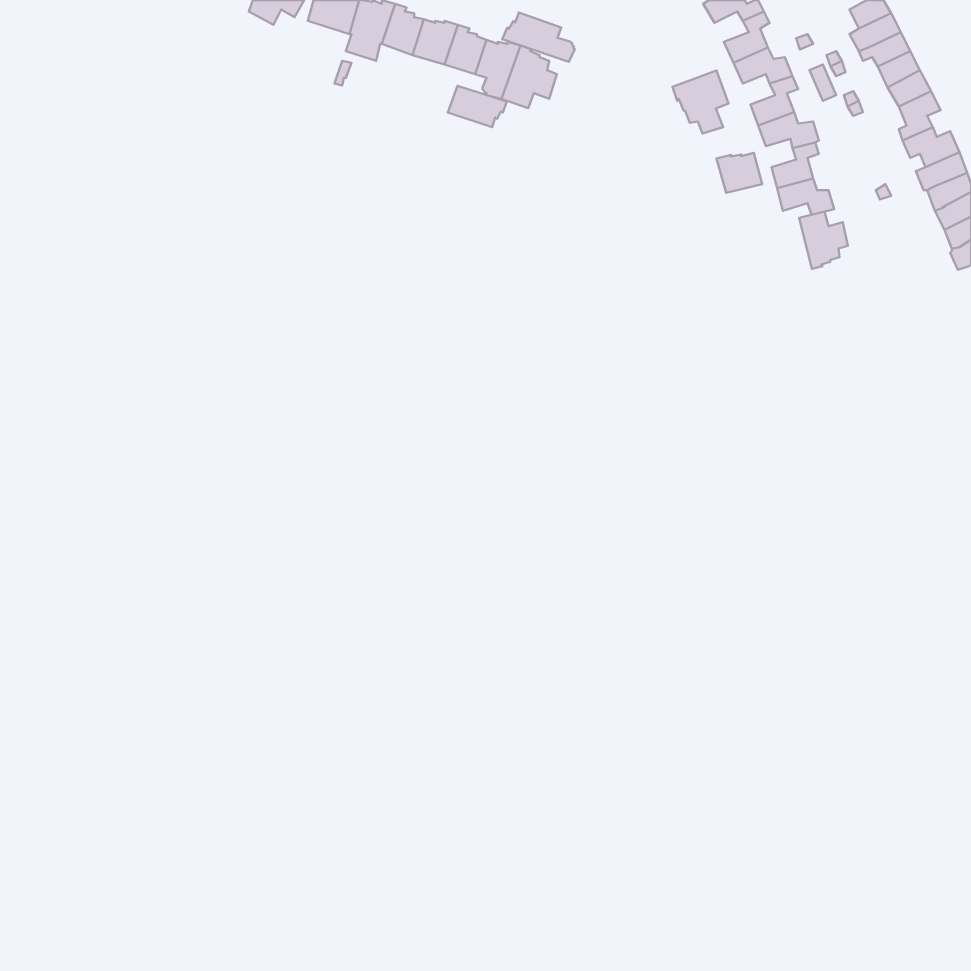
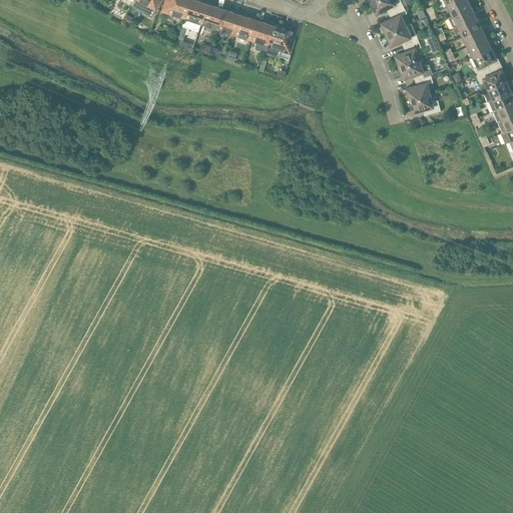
building: [502,12,575,62] -> none
building: [672,71,729,133] -> none
building: [448,86,507,127] -> none
building: [716,153,762,193] -> none
building: [799,211,848,269] -> none

